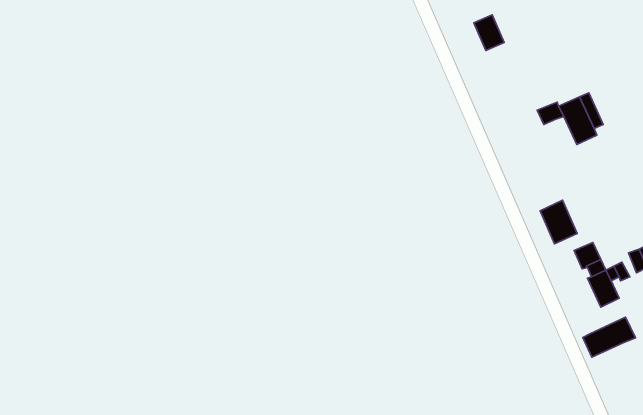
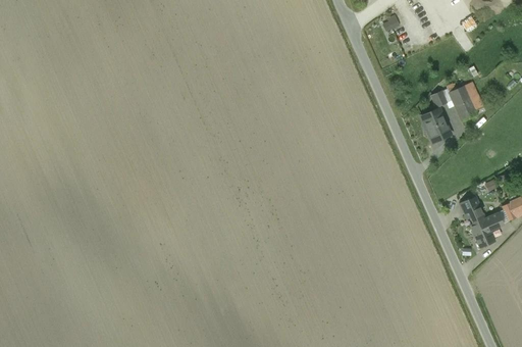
building: [540,200,577,244] -> [421,108,450,142]
building: [583,317,635,357] -> none

